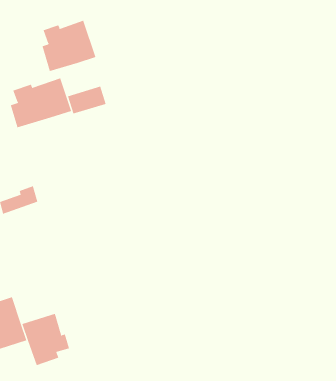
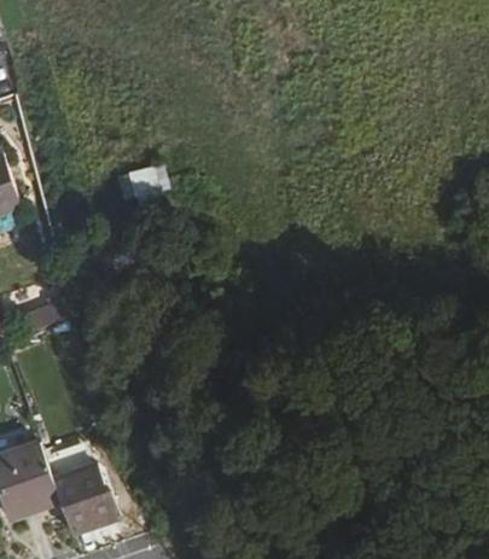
building: [42,20,96,72] -> none
building: [10,78,72,128] -> none

